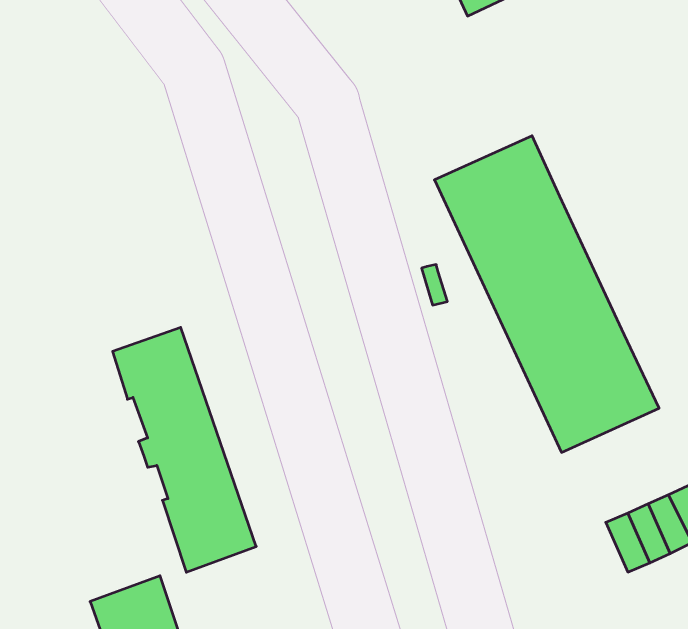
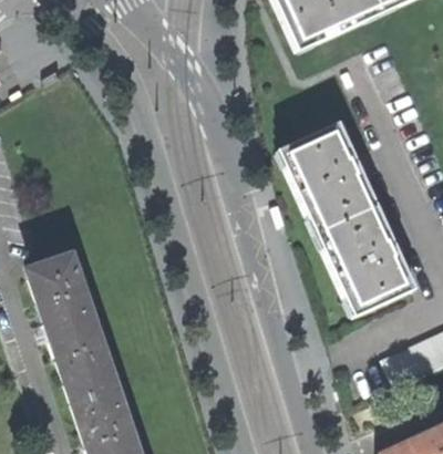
building: [113,327,256,572] -> [30,256,116,403]

